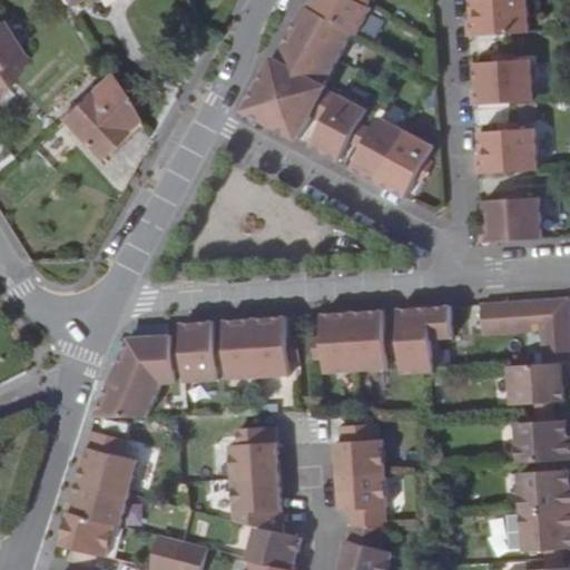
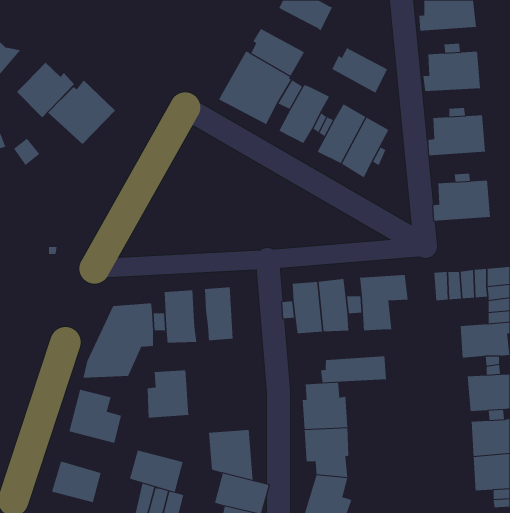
building: [288,8,351,59] -> [332,47,388,93]
building: none -> [16,62,75,118]
building: [255,316,291,376] -> none
building: none -> [321,355,387,383]
building: [229,426,276,480] -> [147,370,189,418]
building: [67,479,127,525] -> [129,450,183,492]

